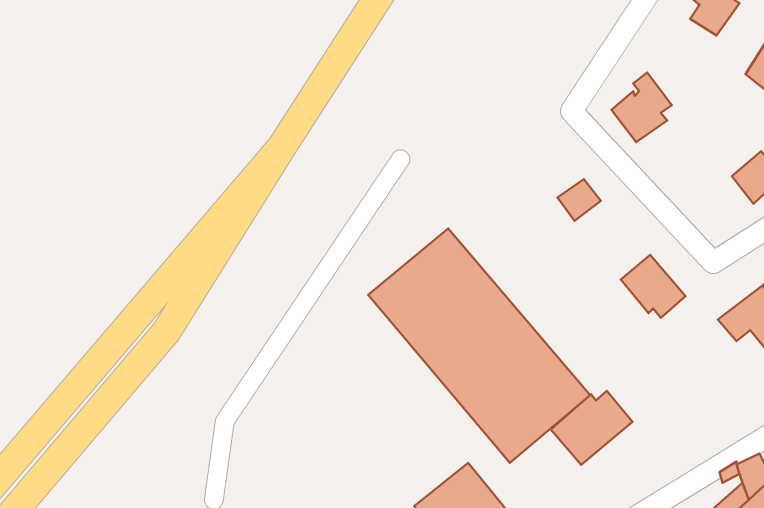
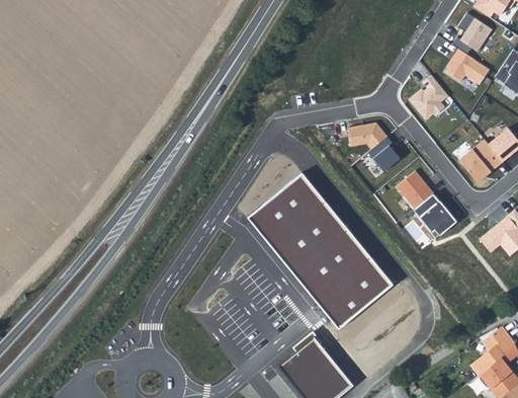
building: none -> [444,49,491,85]
building: none -> [347,122,388,149]
building: none -> [459,140,504,183]
building: none -> [396,169,434,211]
building: [551,391,632,465] -> none

